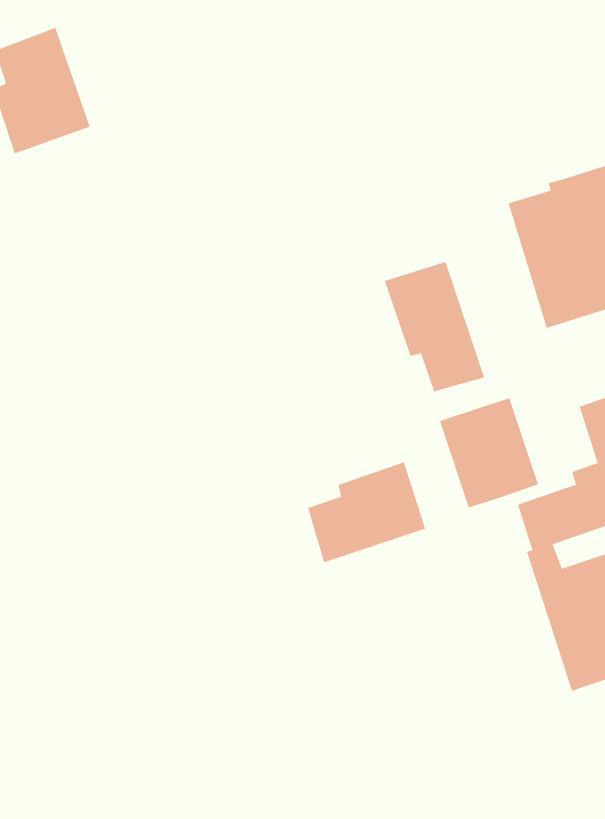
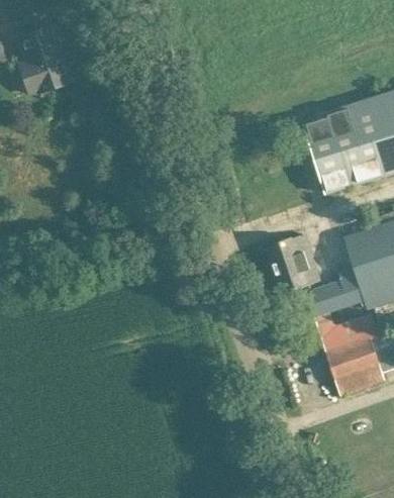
building: [384,261,485,392] -> none
building: [308,462,426,563] -> none

